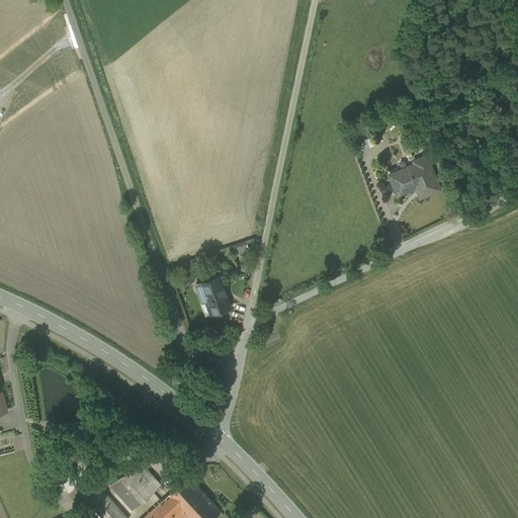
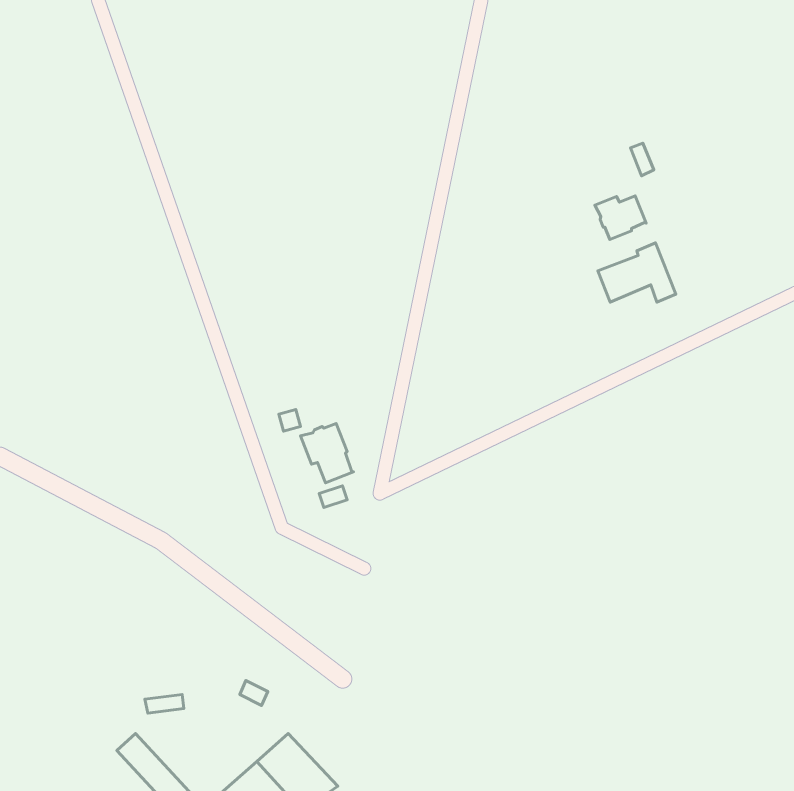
building: none -> [595,196,646,239]
building: [110,461,162,512] -> none

